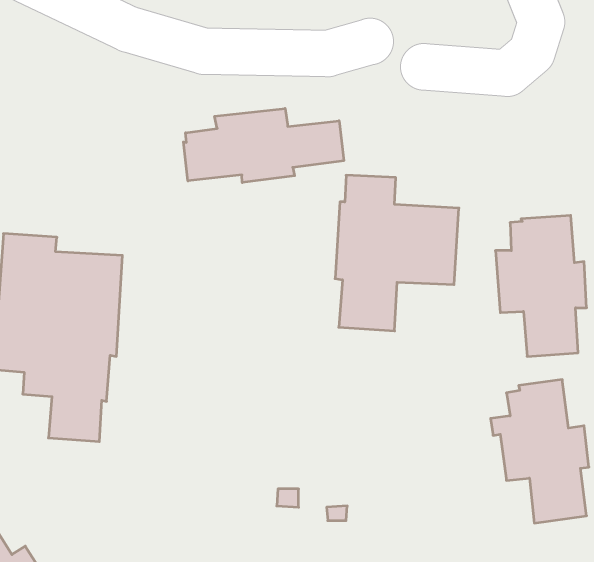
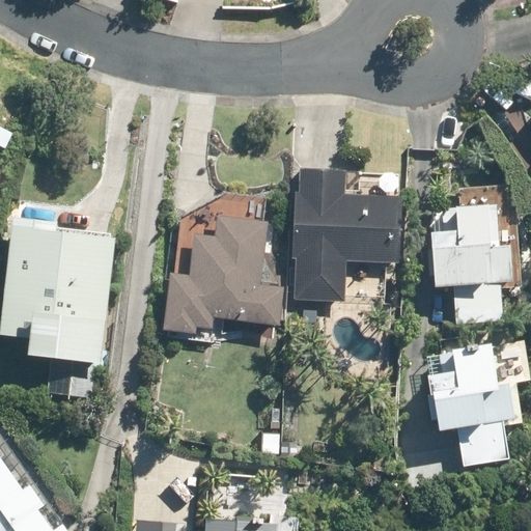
building: [183,108,344,183] -> none
building: none -> [165,200,283,334]

